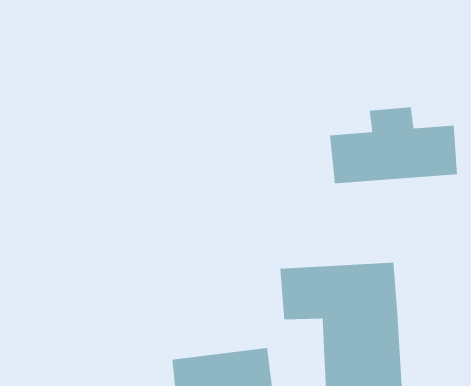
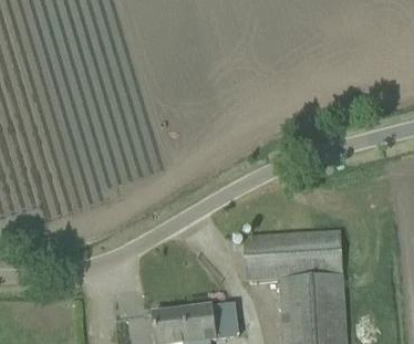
building: [330,107,458,184] -> none

